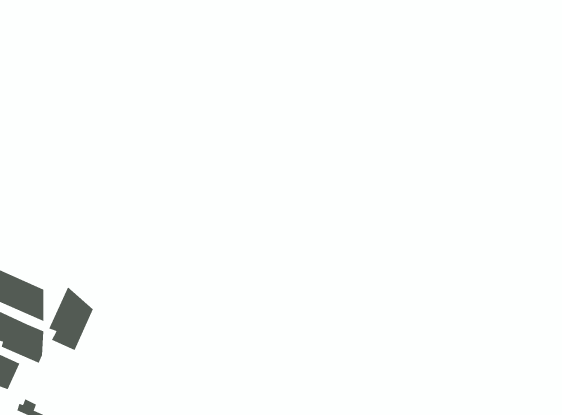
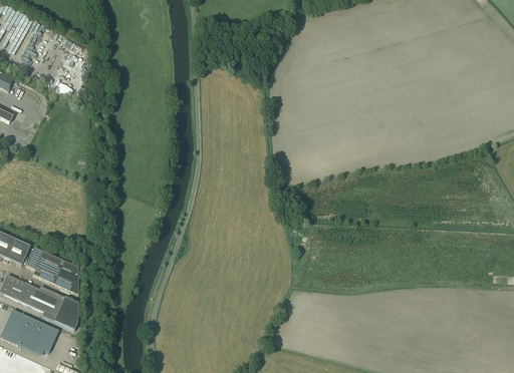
building: [49,287,93,351] -> none

